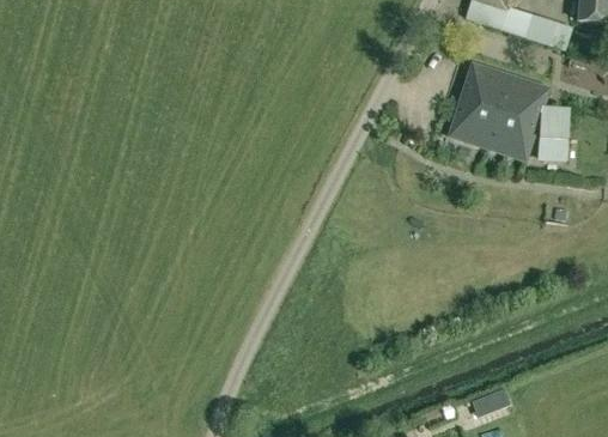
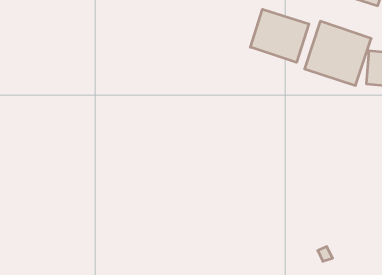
building: none -> [250,9,309,62]

